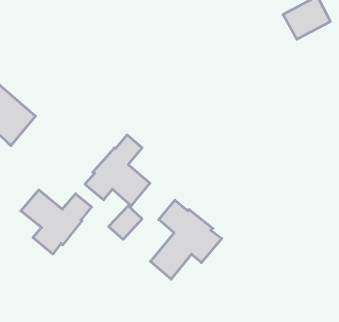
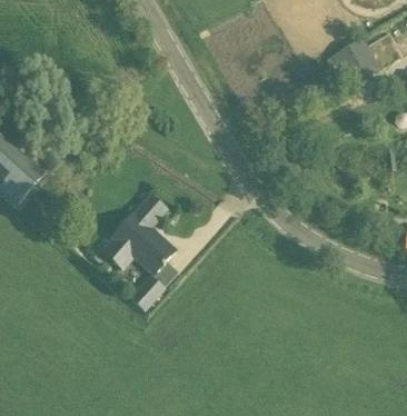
building: [21,190,92,254] -> none
building: [150,200,222,279] -> none

